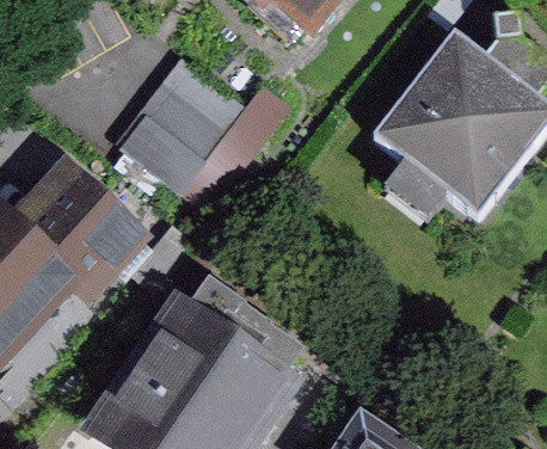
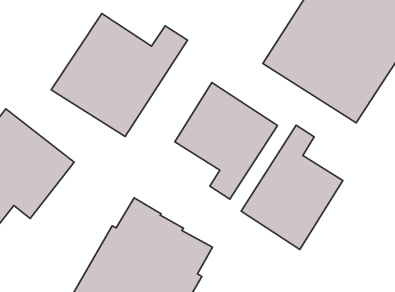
building: none -> [175,82,278,199]
building: none -> [241,125,343,249]

